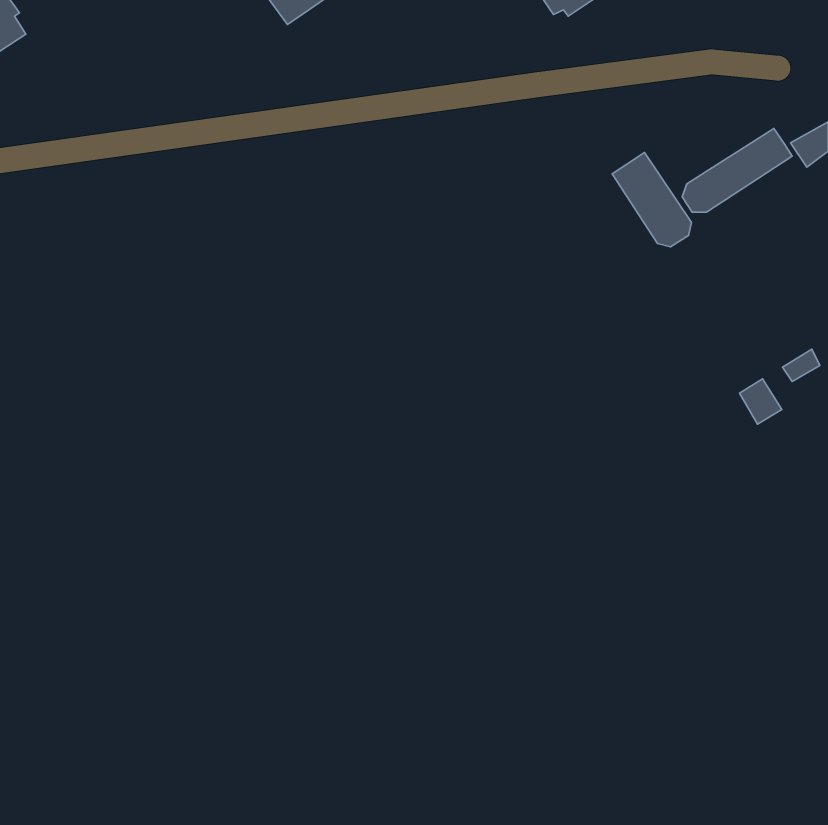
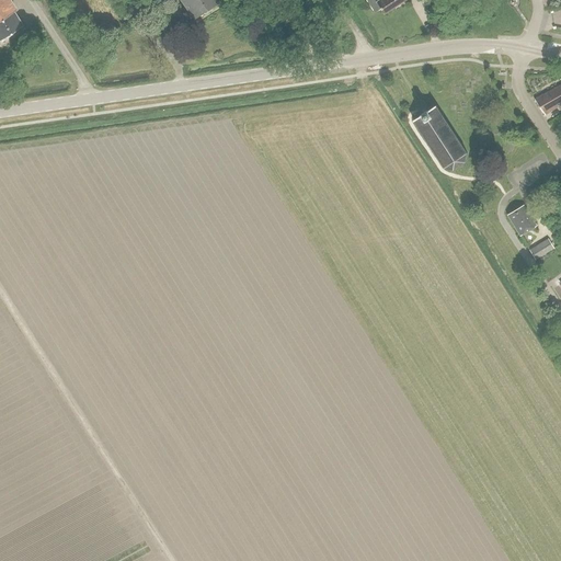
building: [682,128,792,212] -> none
building: [740,379,782,424] -> [507,203,536,233]

